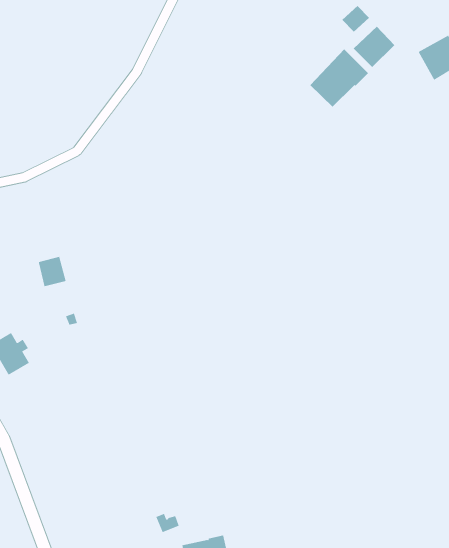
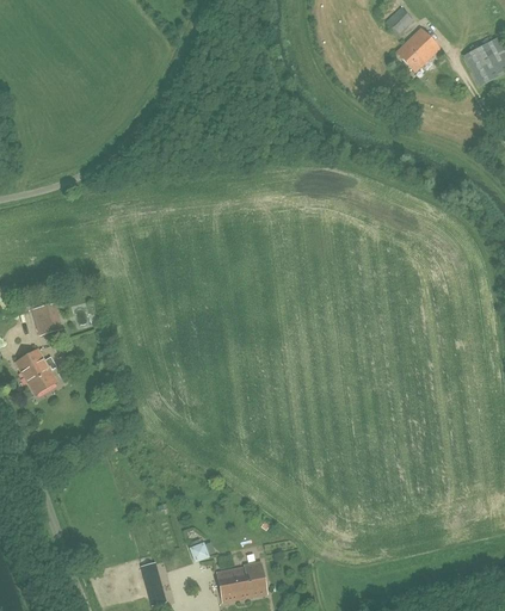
building: [309,48,369,108] -> none
building: [38,256,67,287] -> [32,302,62,334]

